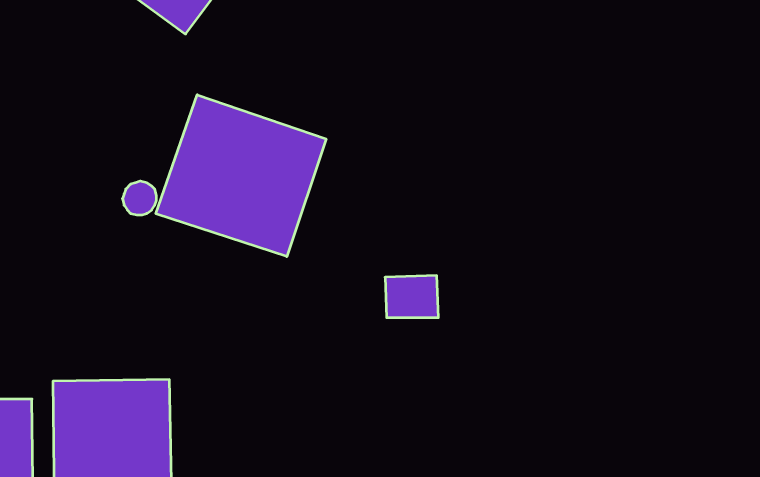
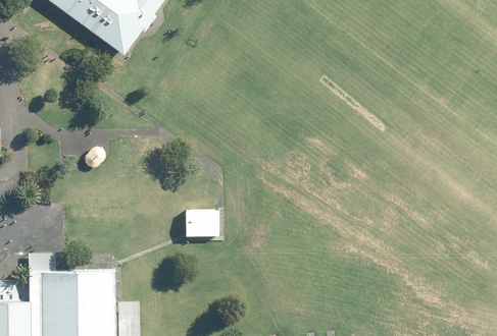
building: [156,95,326,257] -> none
building: [385,276,438,318] -> [185,210,218,236]

